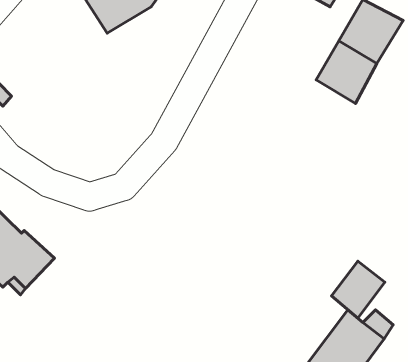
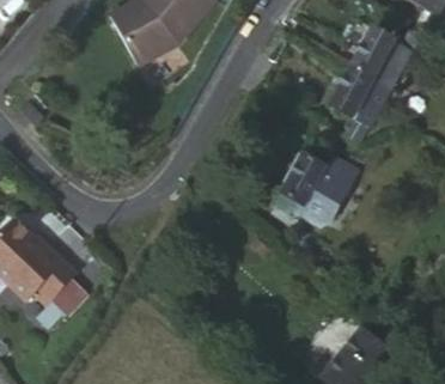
building: none -> [282,154,352,212]
building: [332,261,385,318] -> none

